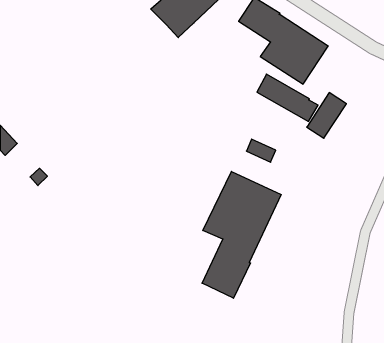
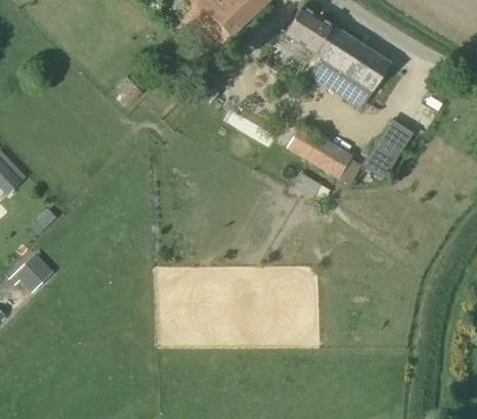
building: [257,74,318,121] -> [289,128,361,184]
building: [202,171,281,298] -> none
building: none -> [14,251,53,291]

